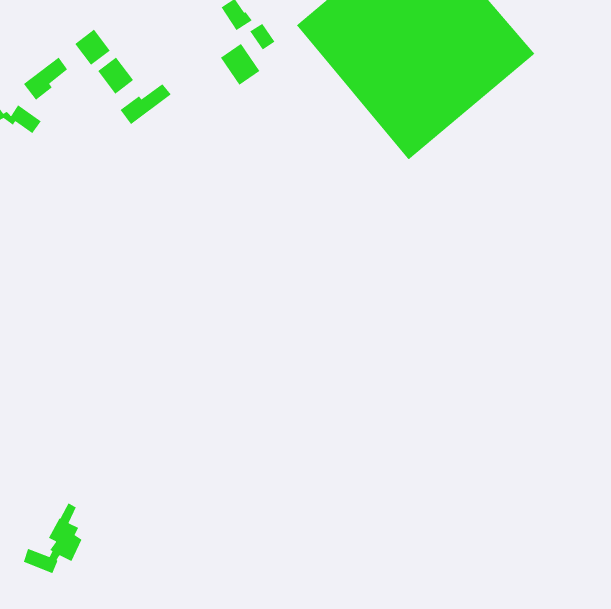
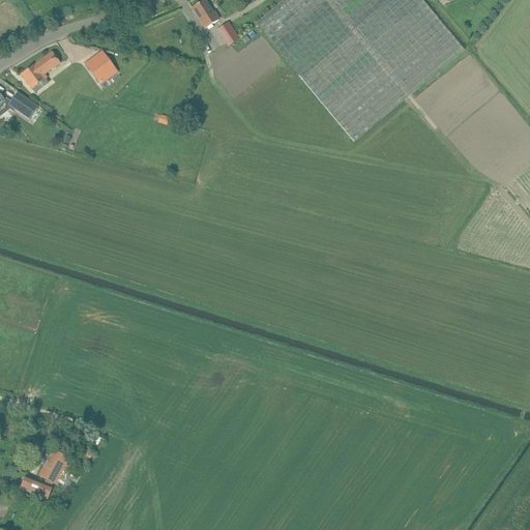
building: [74,29,111,66] -> none
building: [220,43,261,86] -> none
building: [120,83,172,125] -> none

